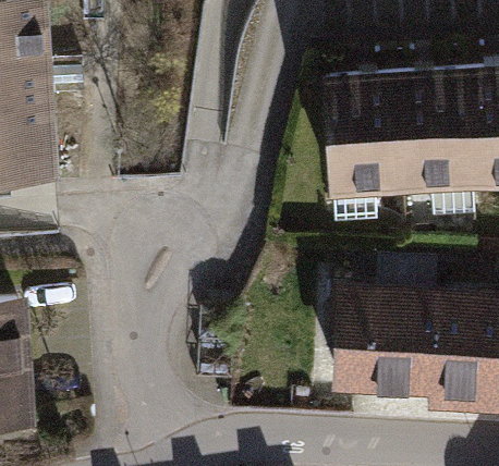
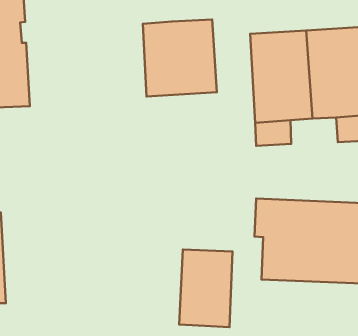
building: none -> [143,20,217,97]
building: none -> [179,250,232,327]

